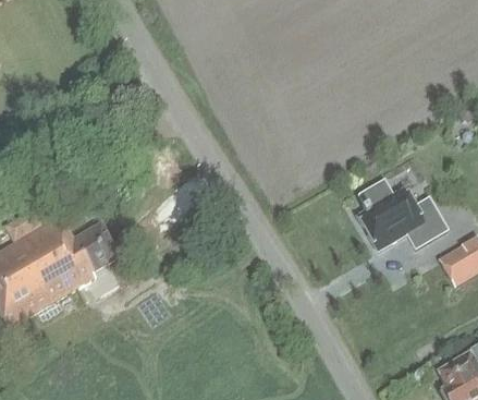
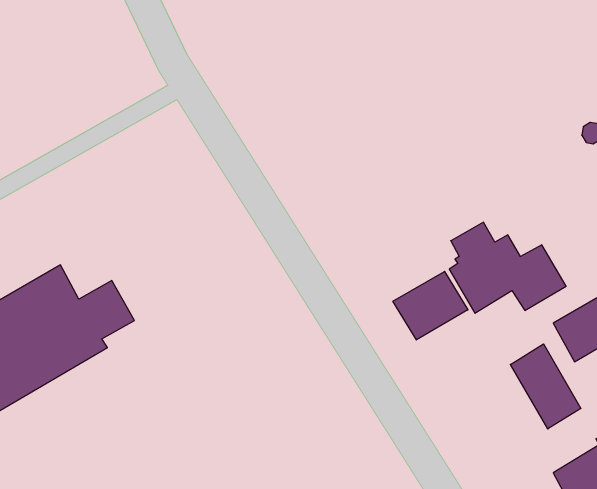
building: none -> [393,271,468,340]
building: none -> [510,344,581,429]

